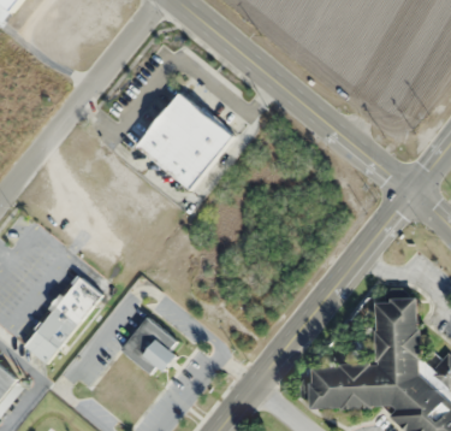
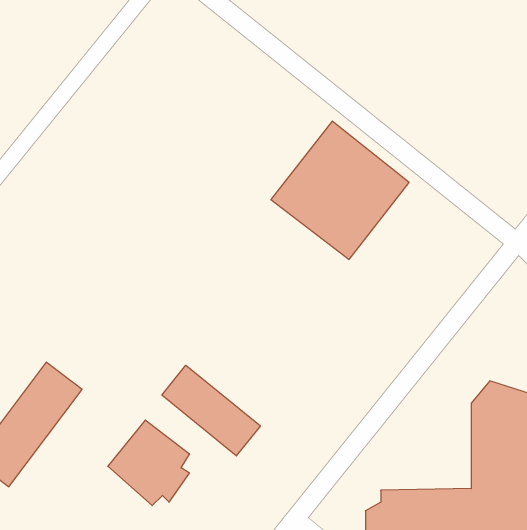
building: [135,93,232,190] -> [271,121,409,259]
building: none -> [162,365,260,456]

